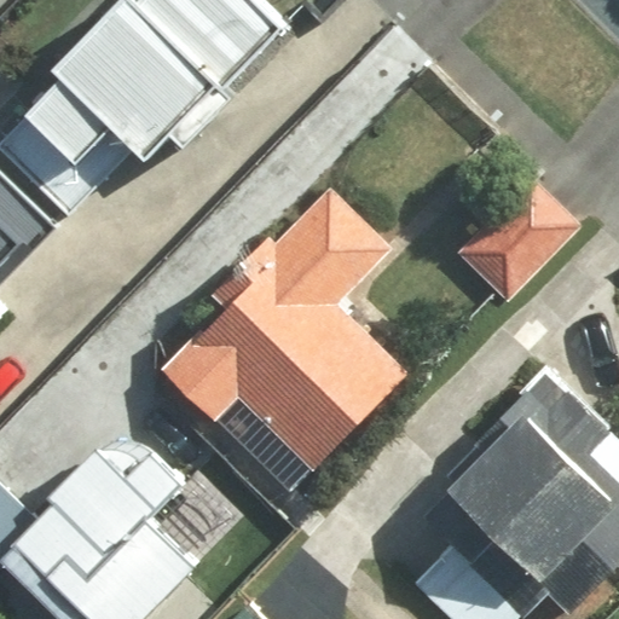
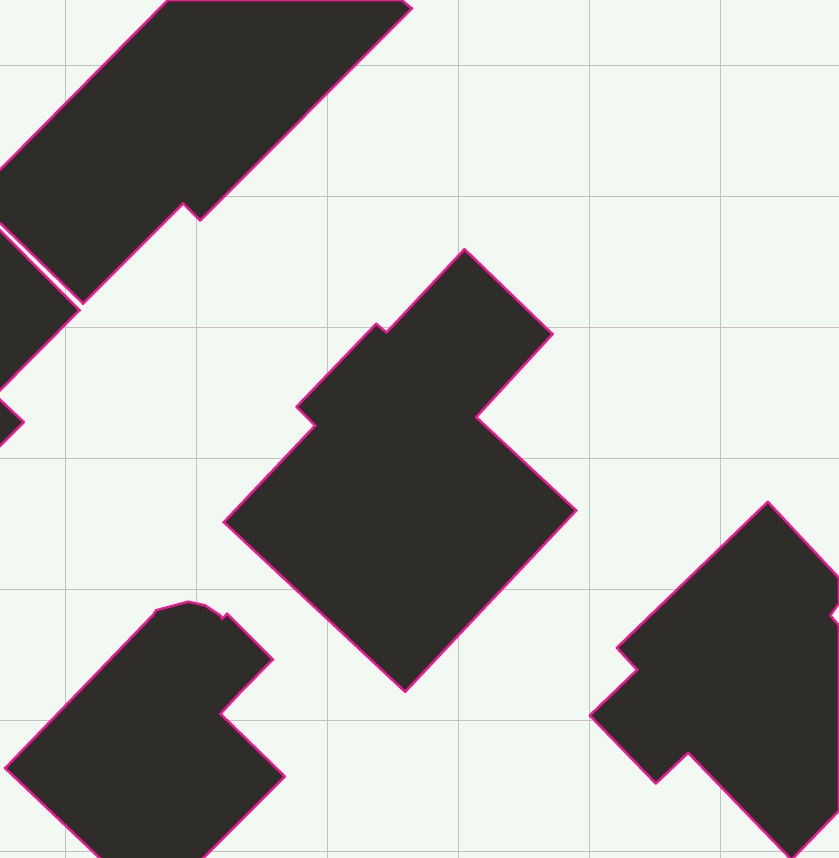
building: [450,178,579,306] -> none

